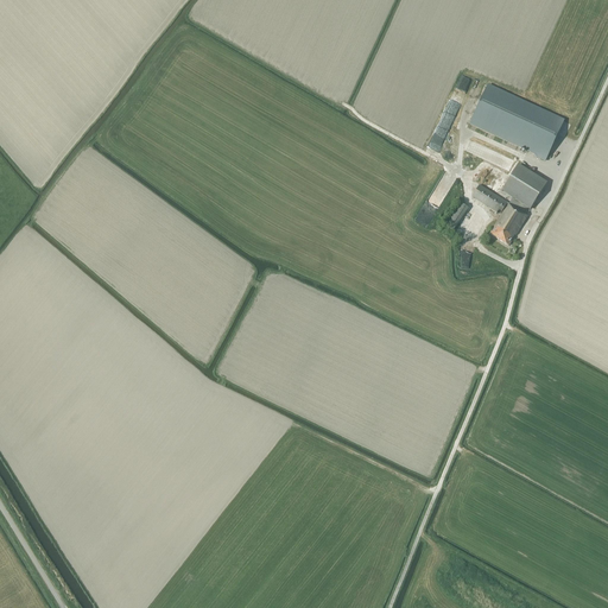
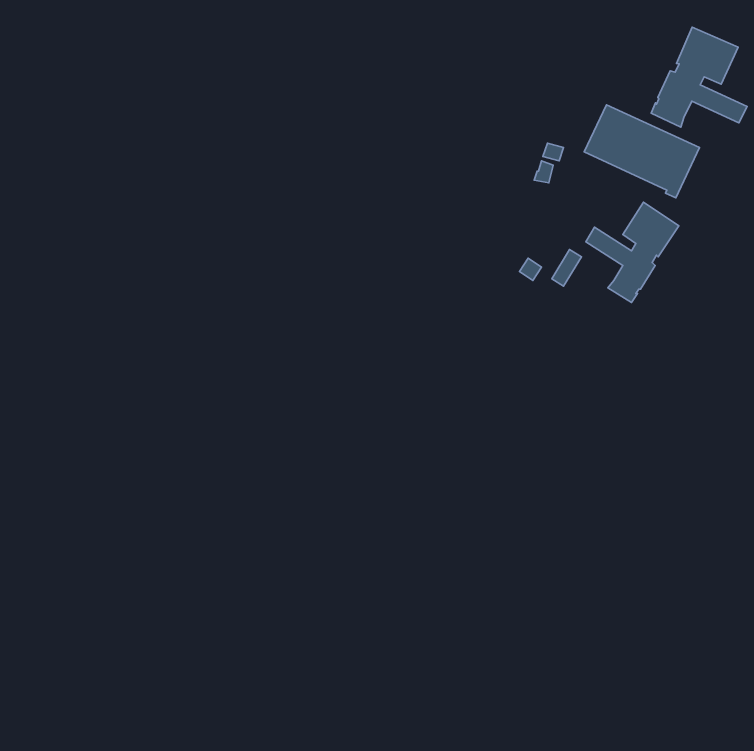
building: none -> [651,27,747,127]

